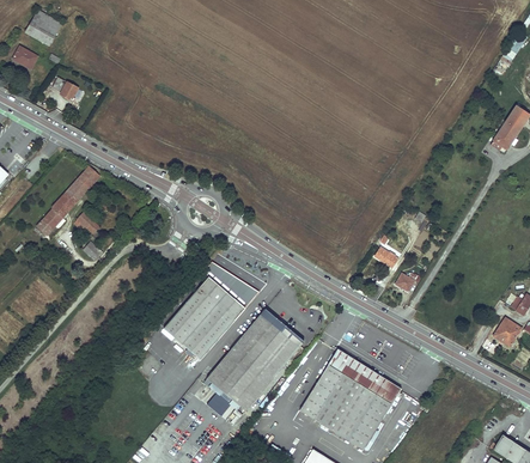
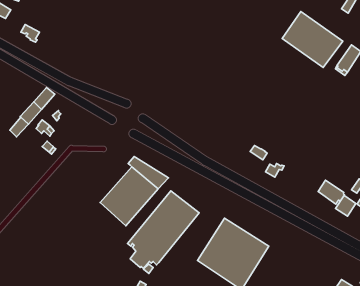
building: none -> [282,11,343,68]
building: none -> [318,180,345,204]

